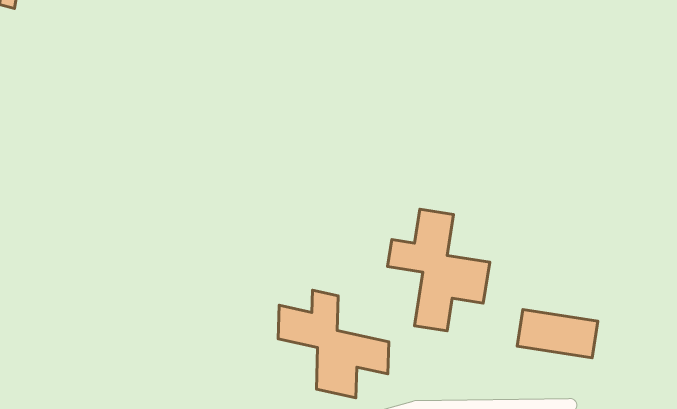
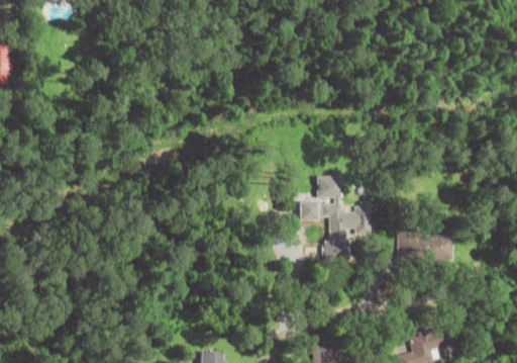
building: [278,290,389,398] -> none

